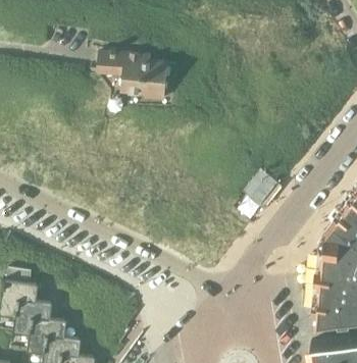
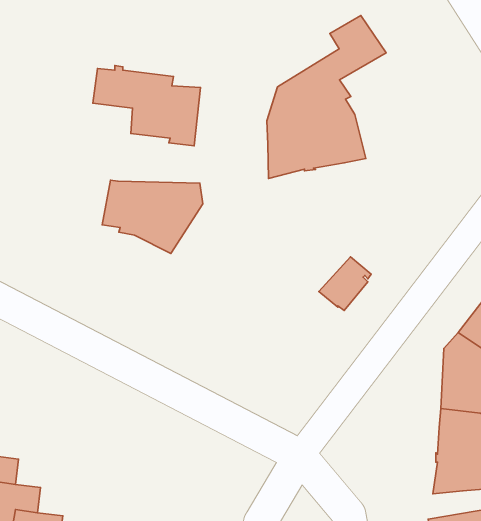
building: none -> [267,16,386,179]
building: none -> [102,180,203,254]

